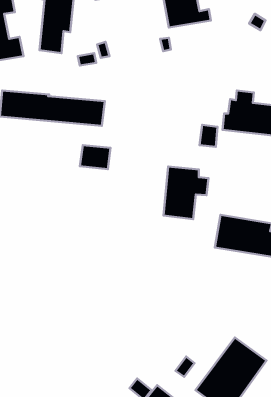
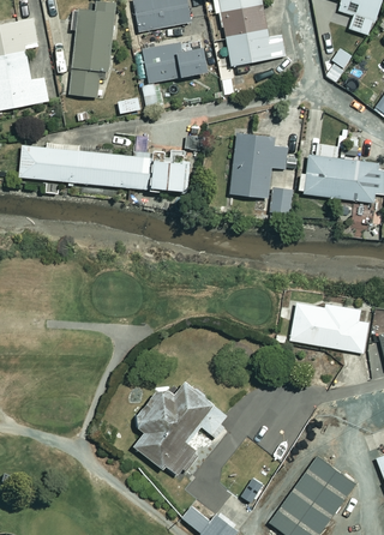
building: none -> [143,38,209,82]
building: [80,145,111,169] -> [152,161,191,191]
building: [163,167,208,219] -> [230,132,287,198]
building: none -> [133,383,229,477]

